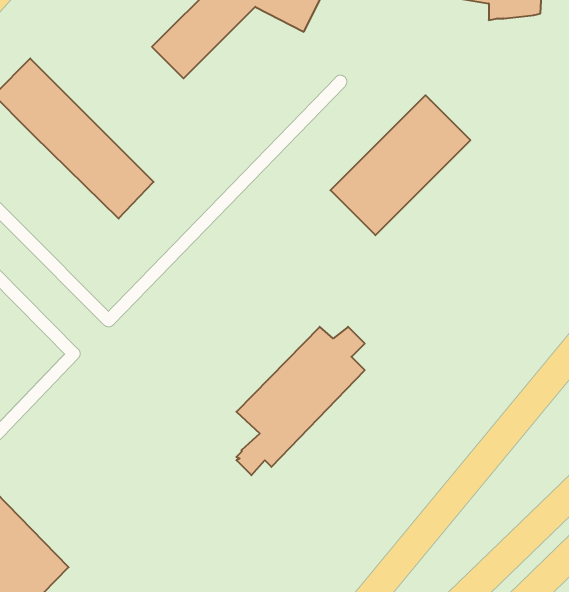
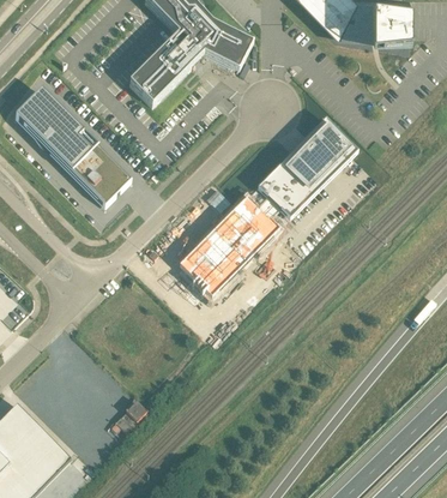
building: [236,327,365,475] -> [187,194,279,301]

